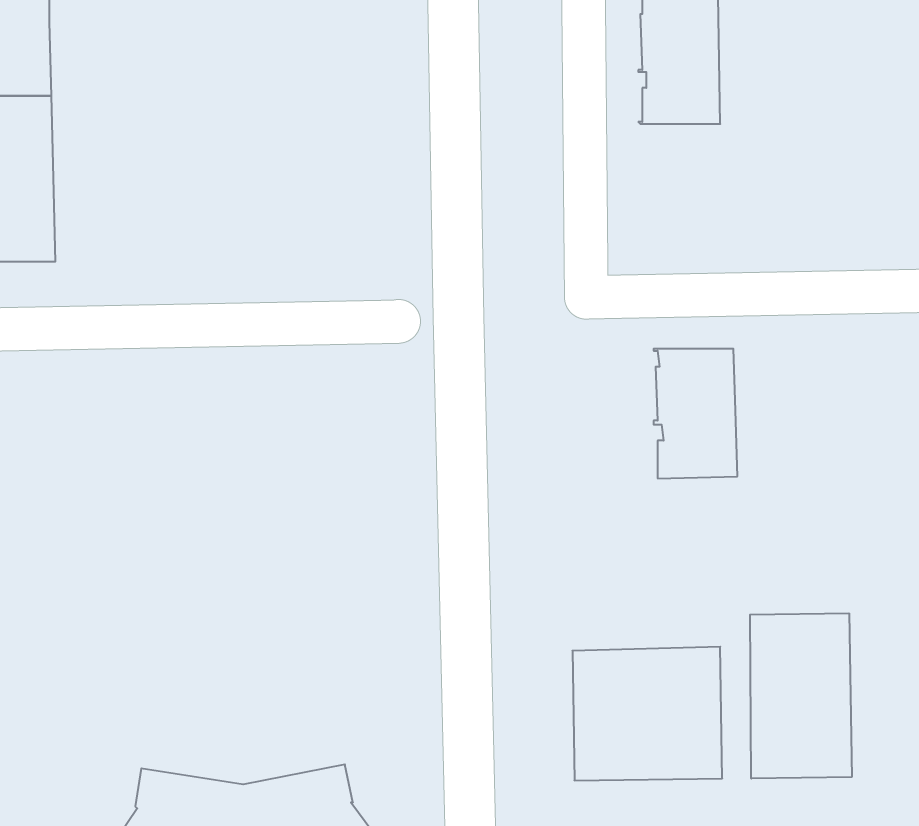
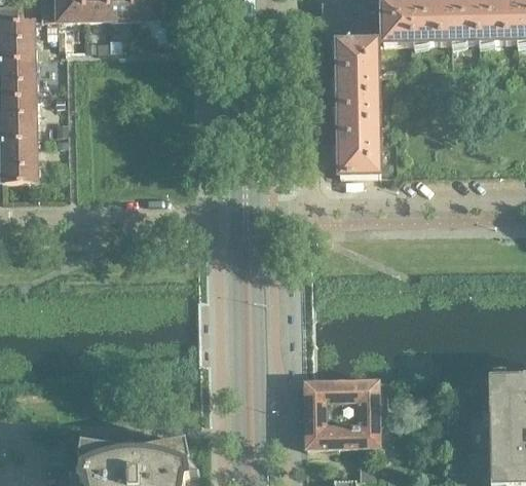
building: [654,349,737,478] -> [338,109,381,176]
building: [750,613,852,779] -> none

